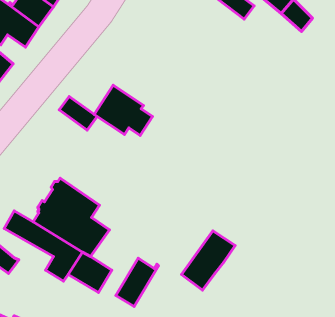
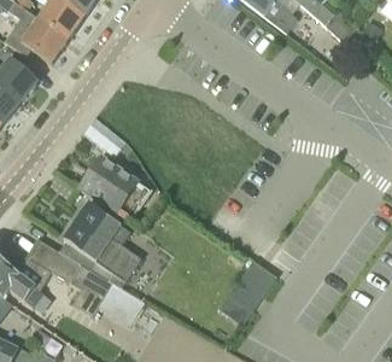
building: [94,85,152,136] -> [81,156,144,210]
building: [116,258,158,307] -> none

